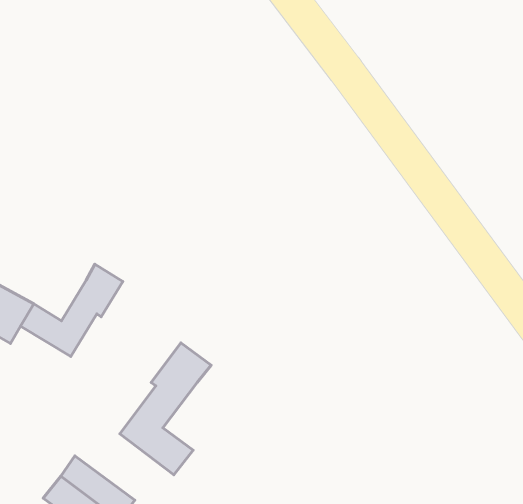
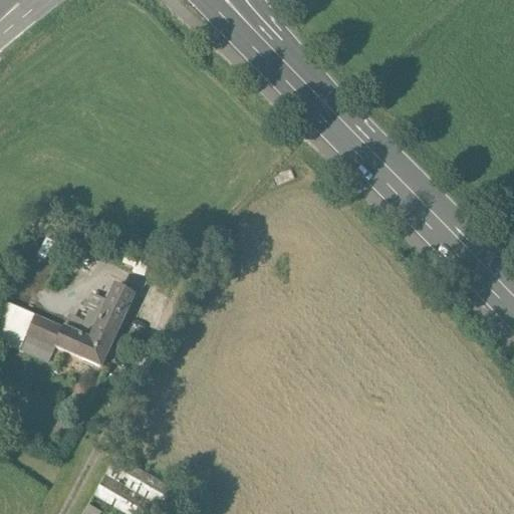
building: none -> [62,291,105,336]
building: [120,343,211,475] -> none

